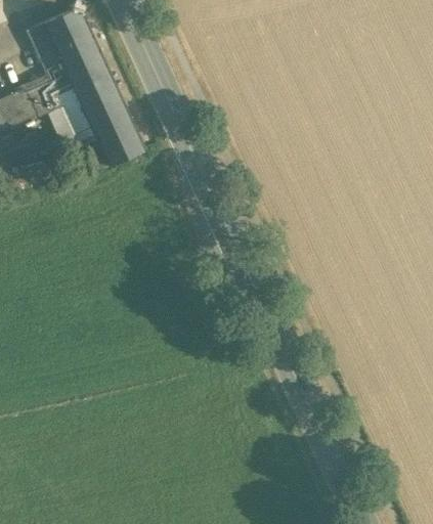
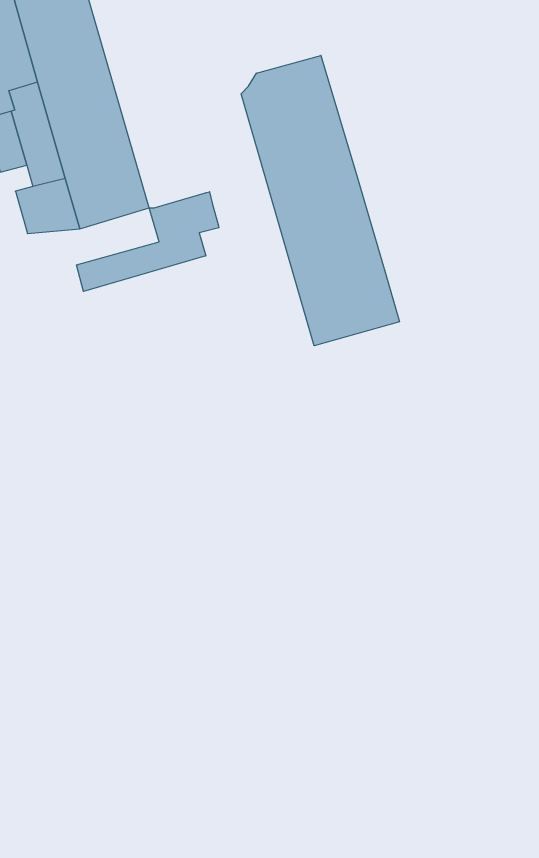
building: none -> [241,55,399,346]
building: none -> [76,192,219,291]

